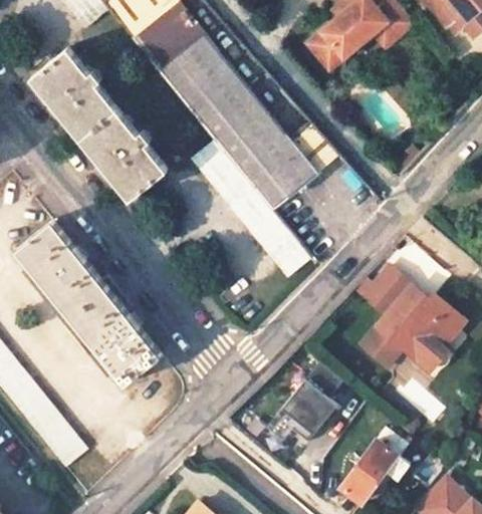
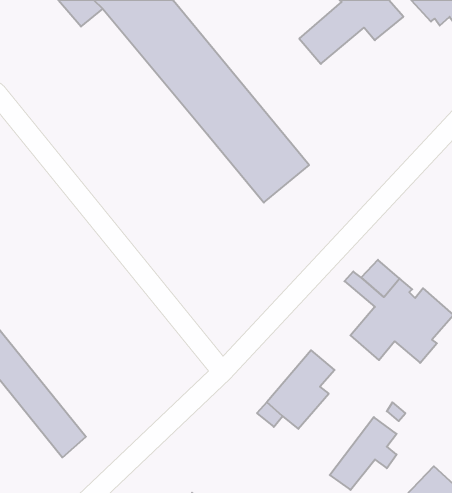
building: [32,50,168,200] -> none
building: [193,142,310,274] -> none
building: [18,223,163,384] -> none

